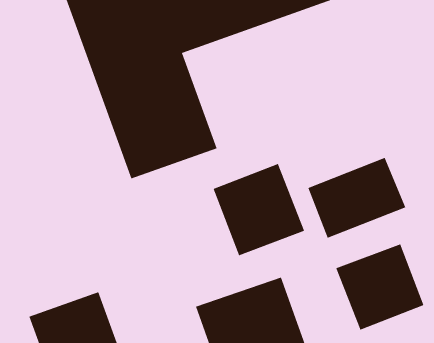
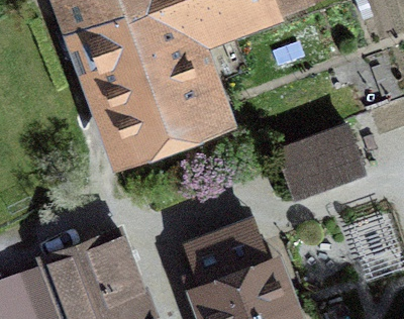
building: [213,163,305,256] -> none
building: [336,244,424,331] -> none

